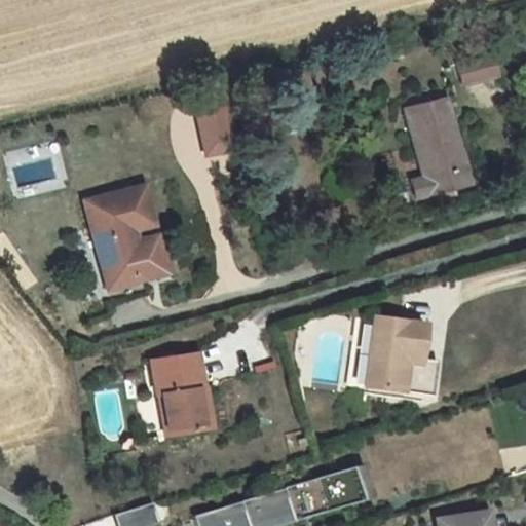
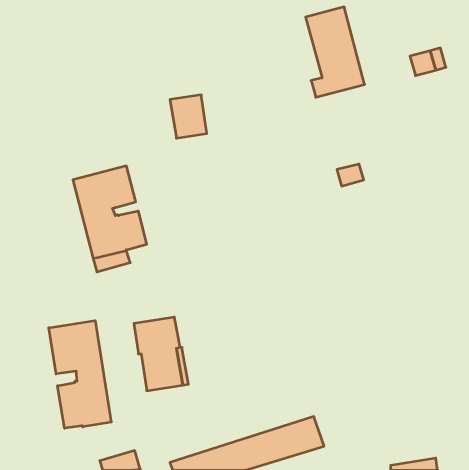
building: [406,98,472,198] -> [306,7,365,97]
building: [364,317,438,400] -> none
building: none -> [49,321,111,428]

